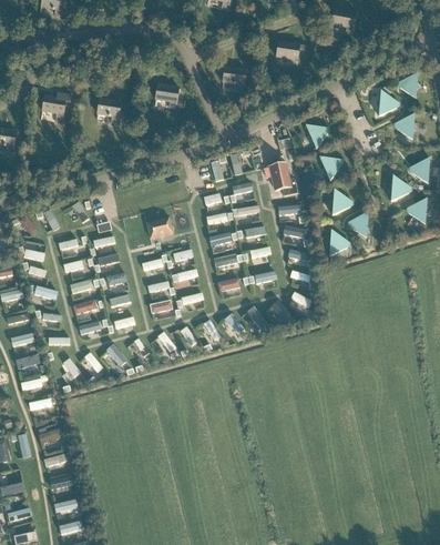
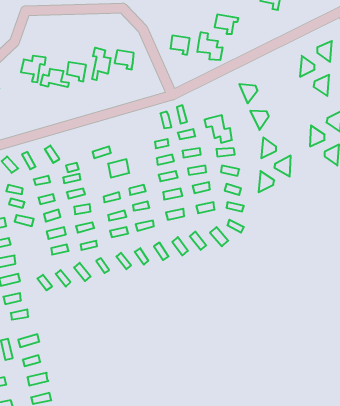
building: none -> [197,32,222,60]
building: none -> [92,48,111,80]
building: none -> [41,69,69,87]

